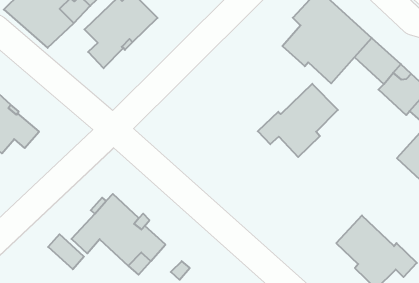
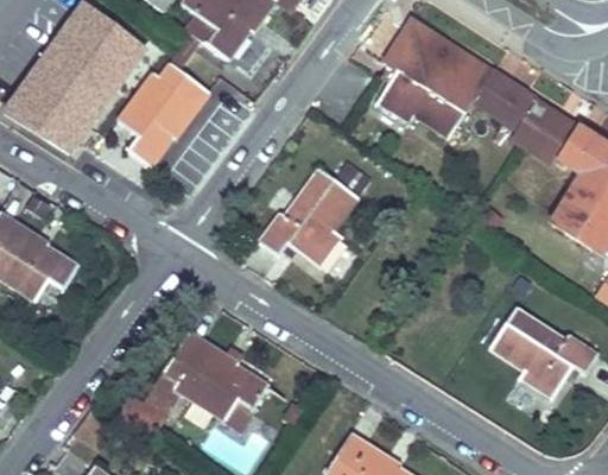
building: [258,84,338,157] -> [259,167,359,266]

